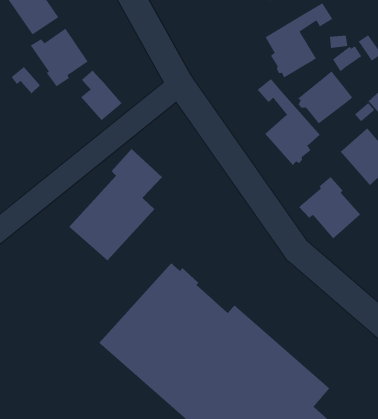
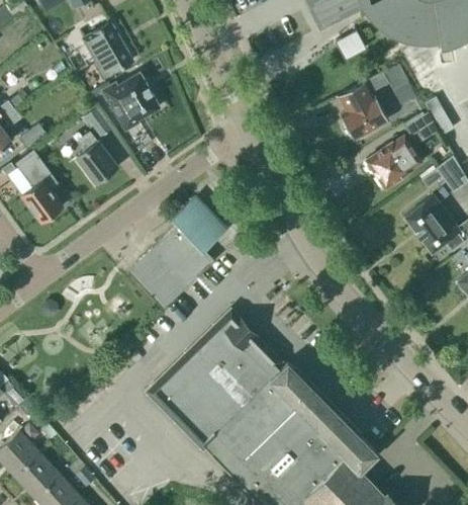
building: [80,70,122,121] -> [76,132,117,183]
building: [257,78,321,166] -> none
building: [298,176,361,239] -> none

